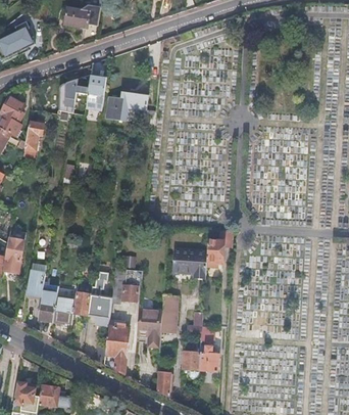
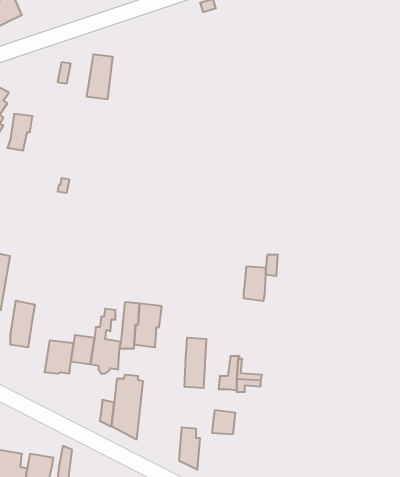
building: [105,90,154,128] -> none
building: [171,247,207,279] -> none
building: [37,280,57,321] -> none
building: [136,308,161,345] -> none
building: [198,345,218,376] -> none

